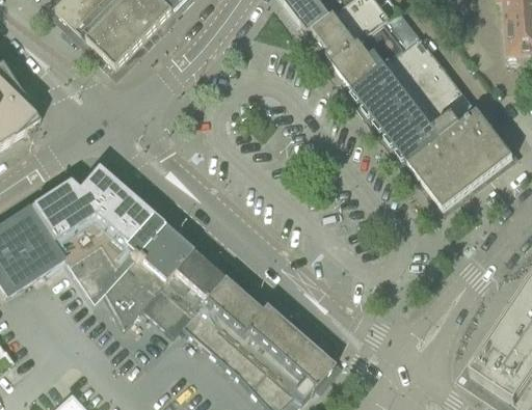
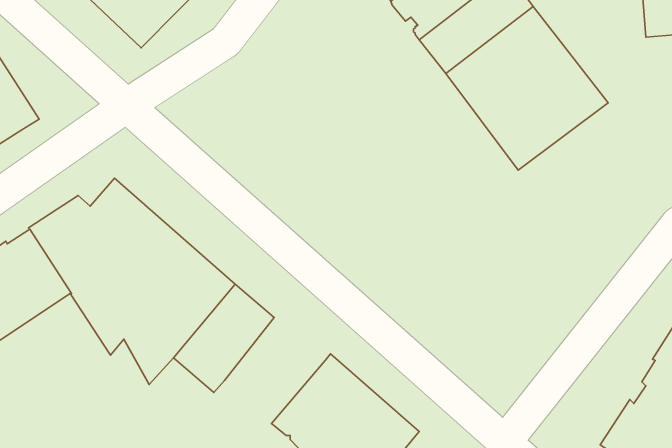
building: [409,111,513,210] -> none
building: [182,277,260,359] -> none

